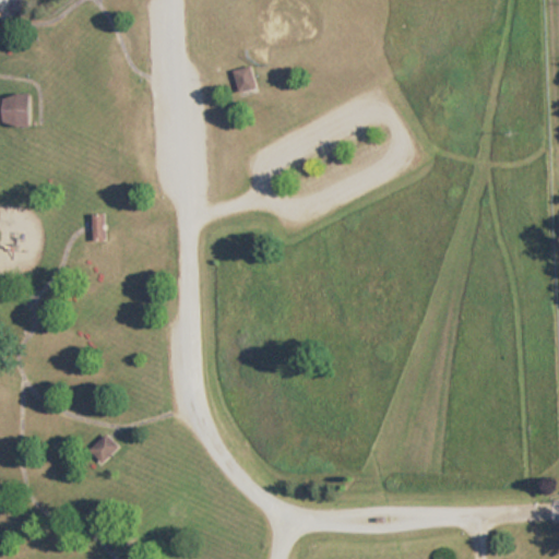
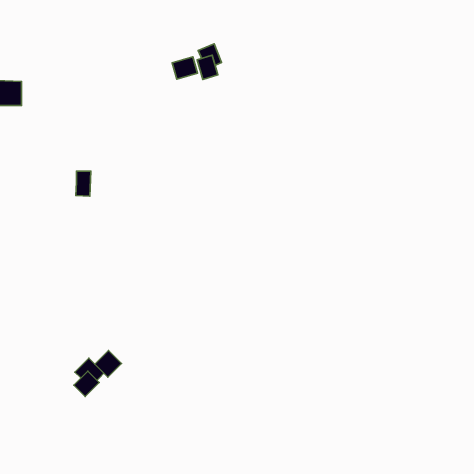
building: none -> [172,57,198,79]
building: none -> [95,351,122,377]

